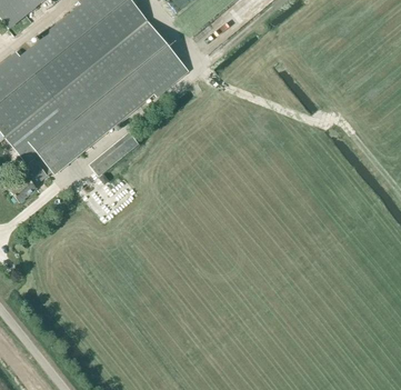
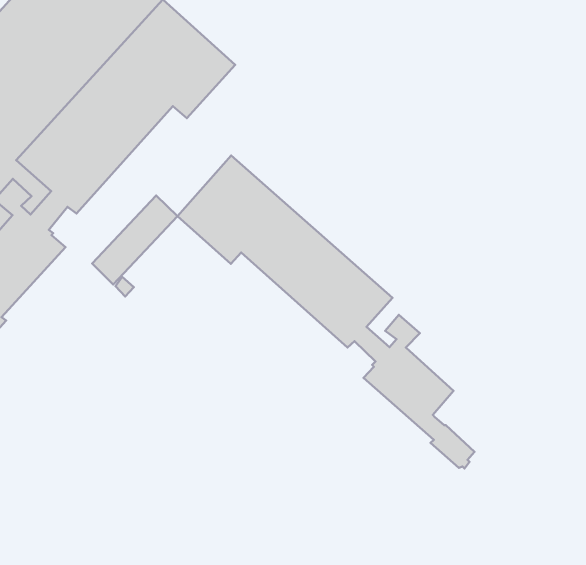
building: none -> [177,155,474,468]

